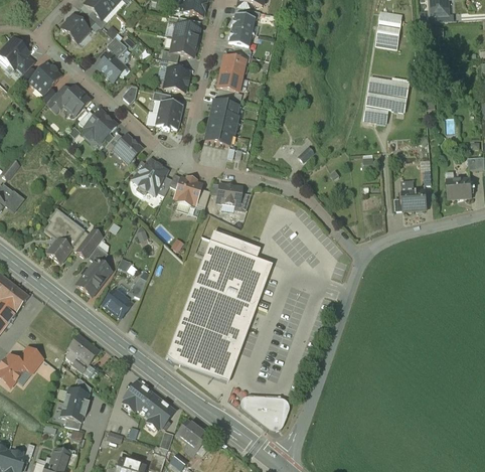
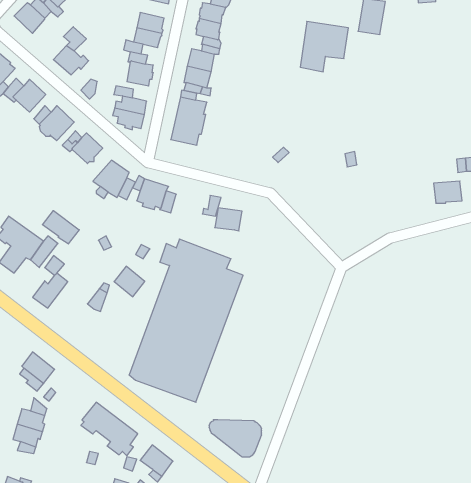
building: [364,75,409,122] -> [300,21,348,72]
building: [216,183,241,204] -> [215,208,242,231]
building: [401,191,427,210] -> none
building: none -> [42,211,79,244]
building: [103,290,131,318] -> [114,266,145,297]

